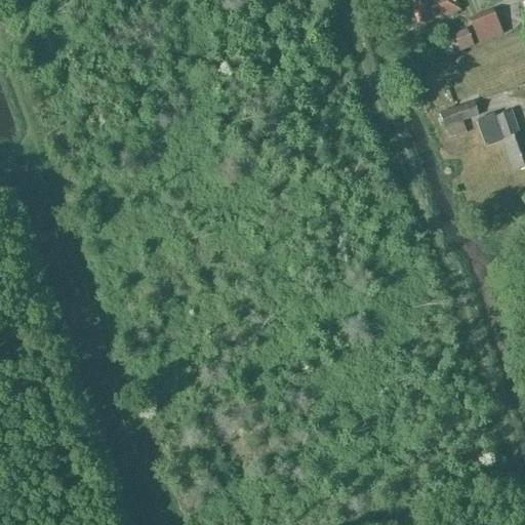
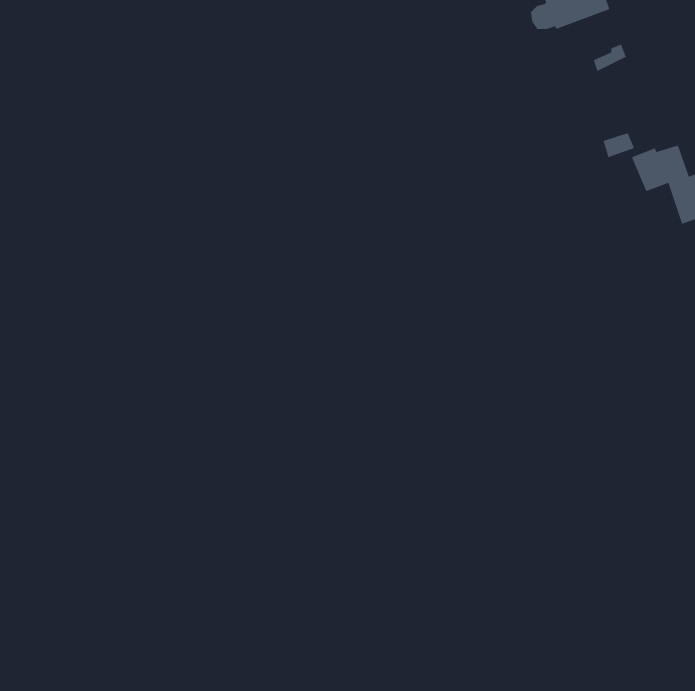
building: [470,6,503,41] -> none

